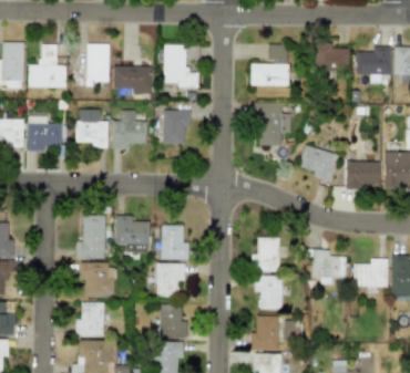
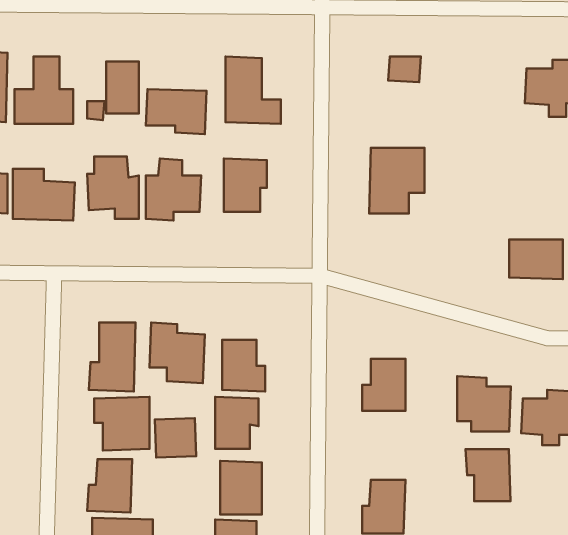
building: [316,43,350,70] -> none
building: [252,63,289,86] -> none
building: [298,144,338,180] -> none
building: [255,276,284,309] -> [466,449,510,501]
building: none -> [155,418,196,457]

